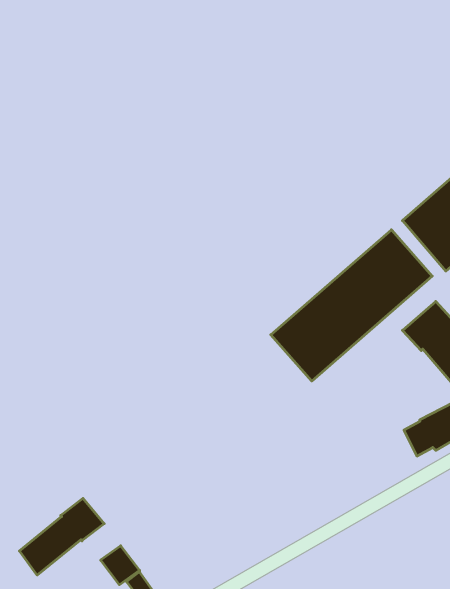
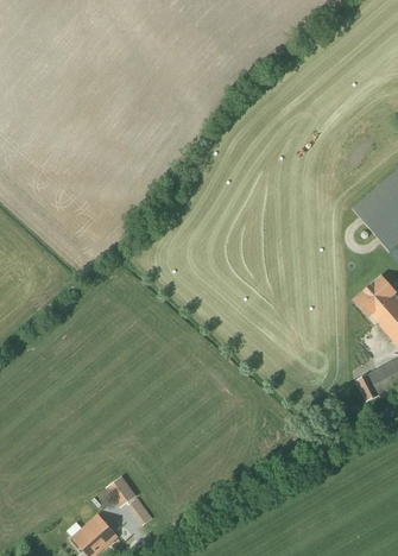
building: [271,230,432,381] -> none
building: [19,498,104,575] -> none

